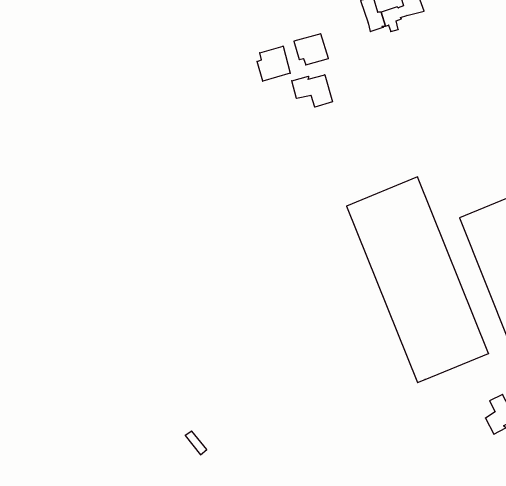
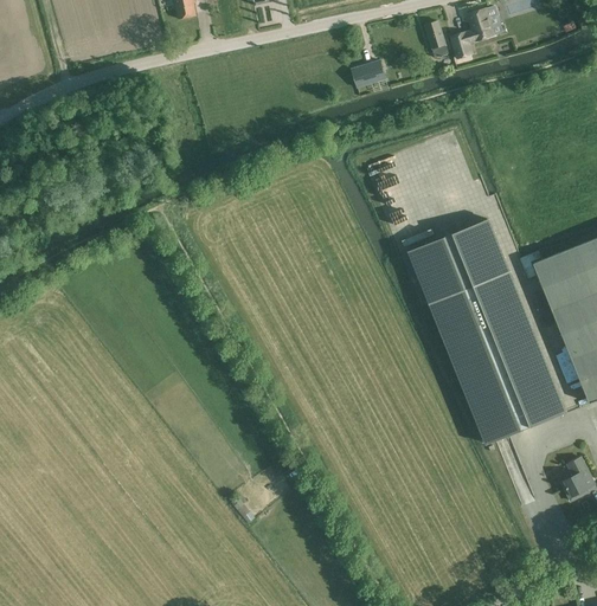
building: [257,46,290,81] -> none
building: [292,75,332,107] -> none

